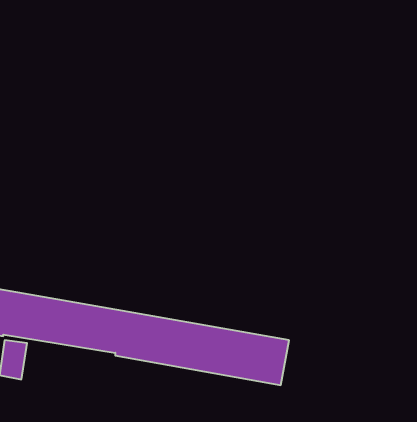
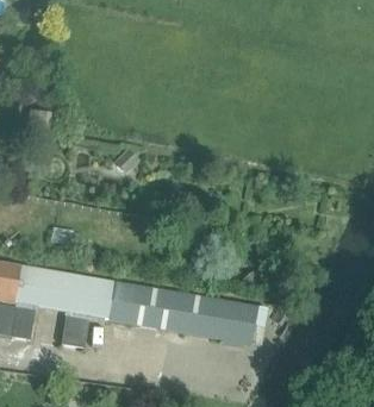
building: none -> [62,314,91,347]

